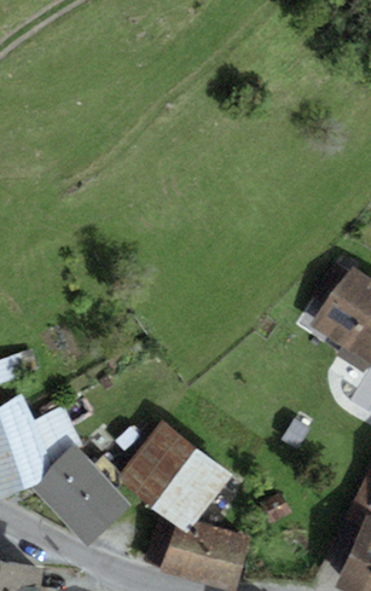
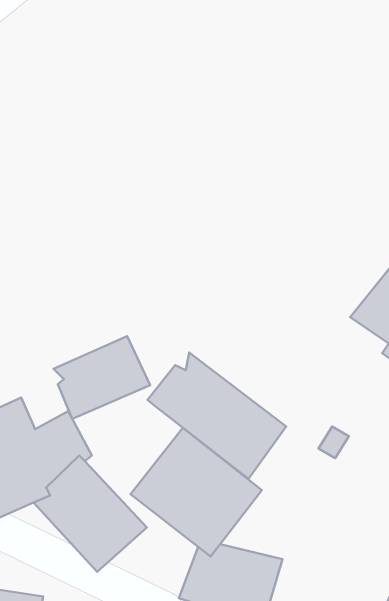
building: none -> [53,336,150,419]
building: none -> [147,352,286,479]

